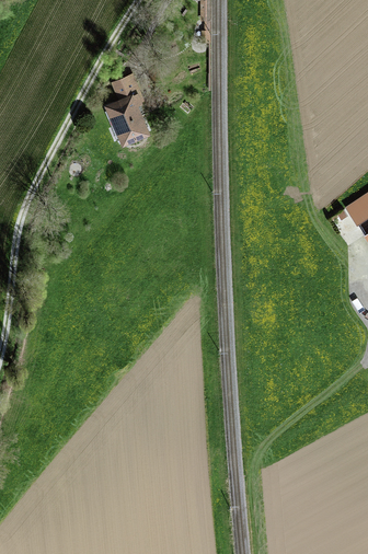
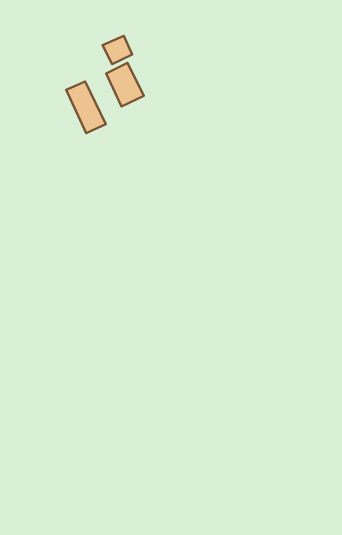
building: none -> [66,82,106,133]

